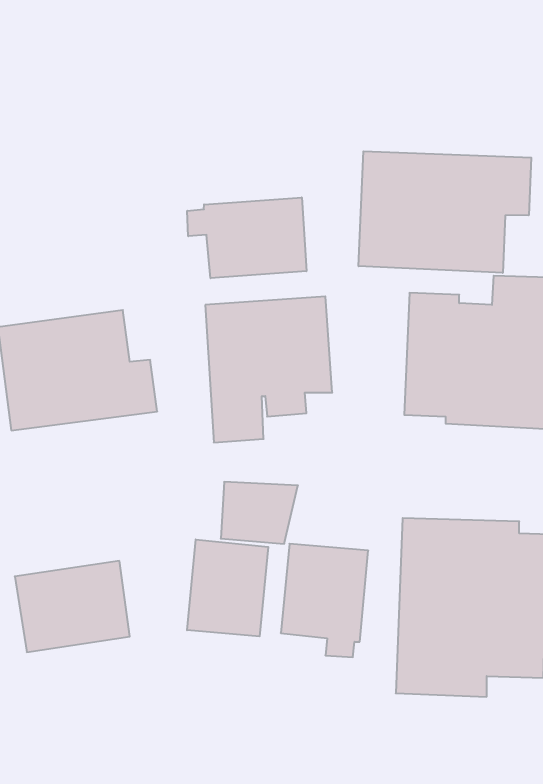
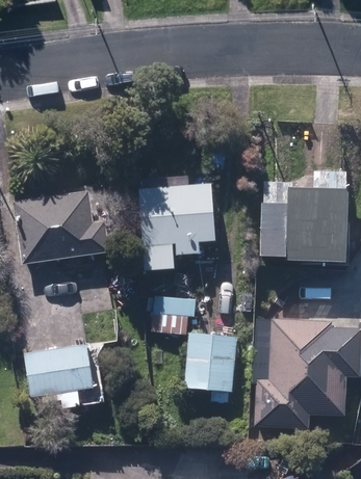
building: [359,151,531,273] -> none
building: [187,197,306,278] -> none
building: [187,539,268,636] -> none

